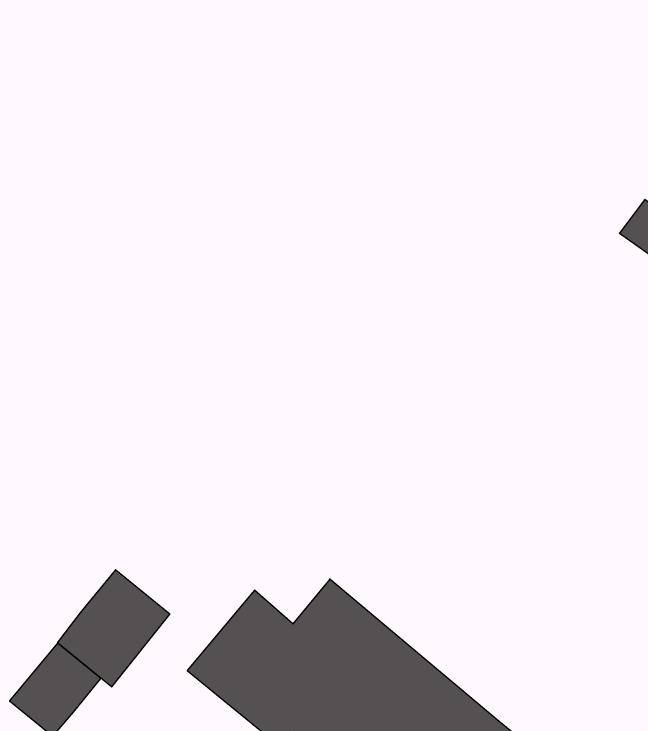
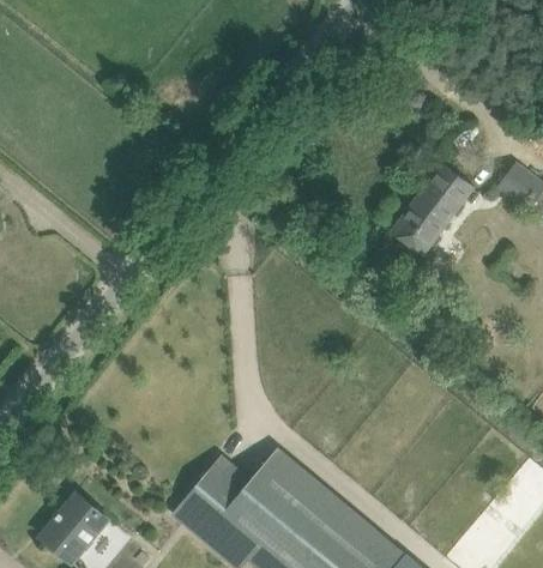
building: none -> [392,165,473,256]
building: [58,570,170,687] -> none

